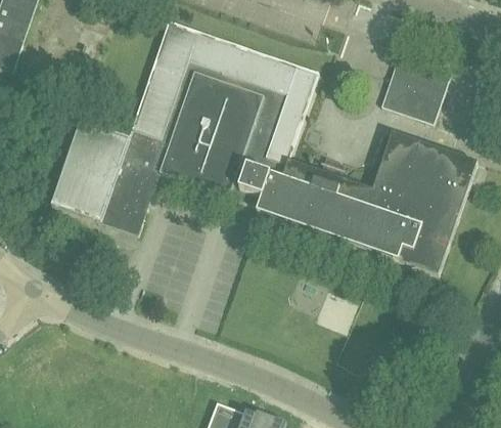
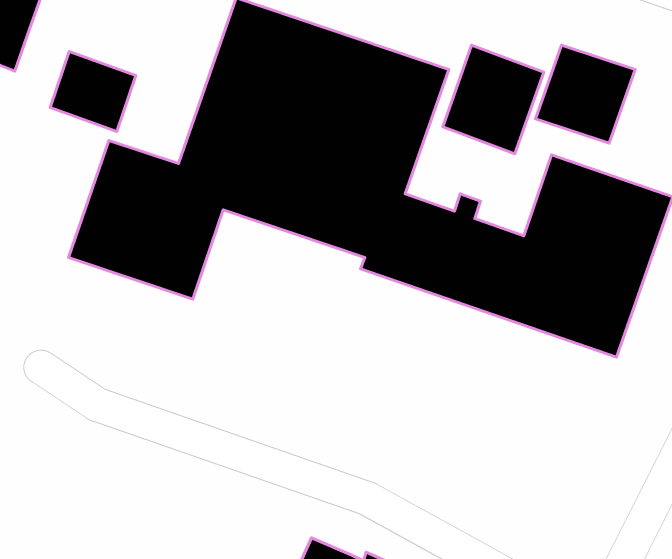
building: none -> [443,45,544,154]
building: none -> [50,52,136,131]

